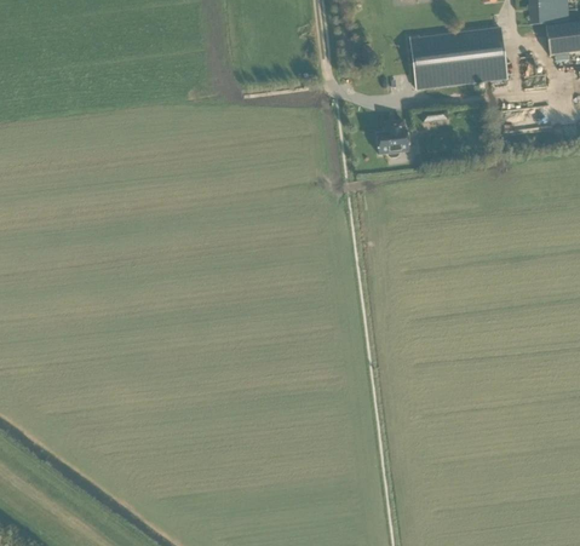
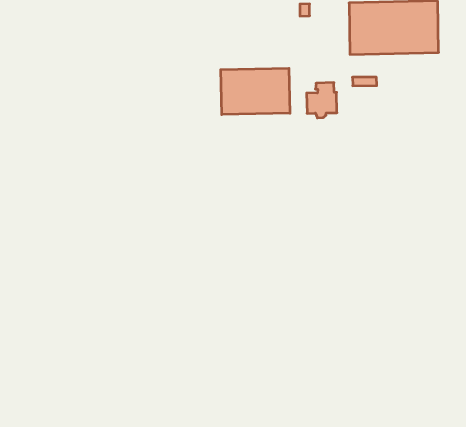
building: none -> [221,68,290,115]

